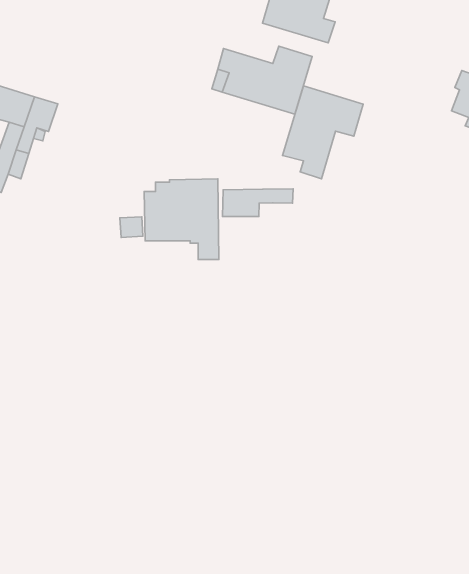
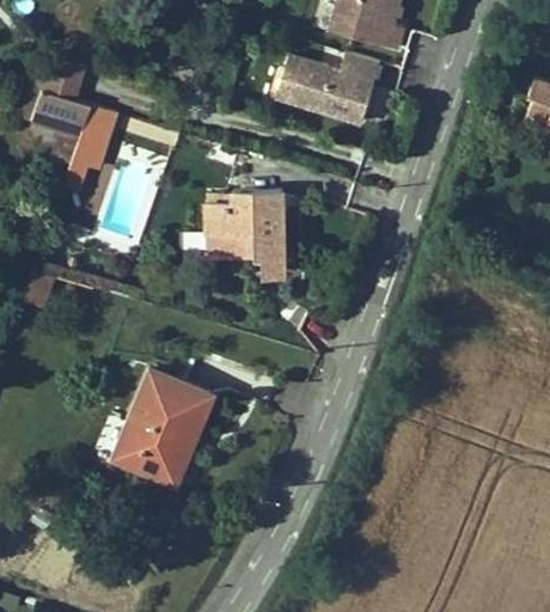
building: [282,86,363,179] -> none
building: [222,189,293,216] -> none
building: none -> [112,366,216,484]

